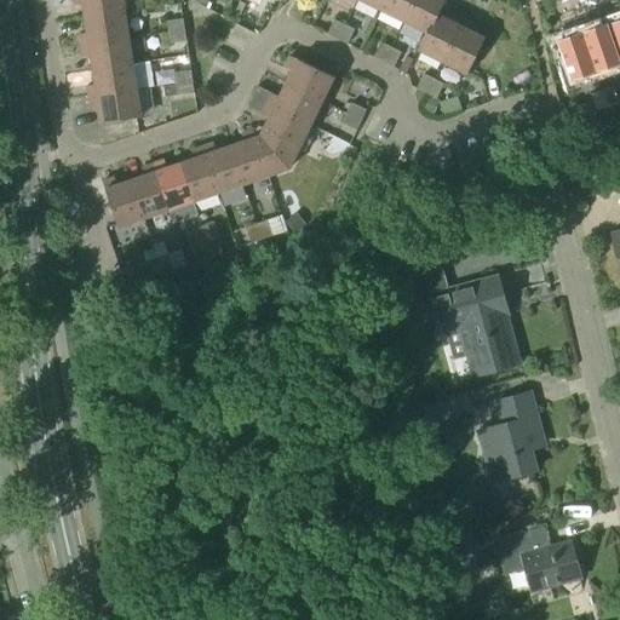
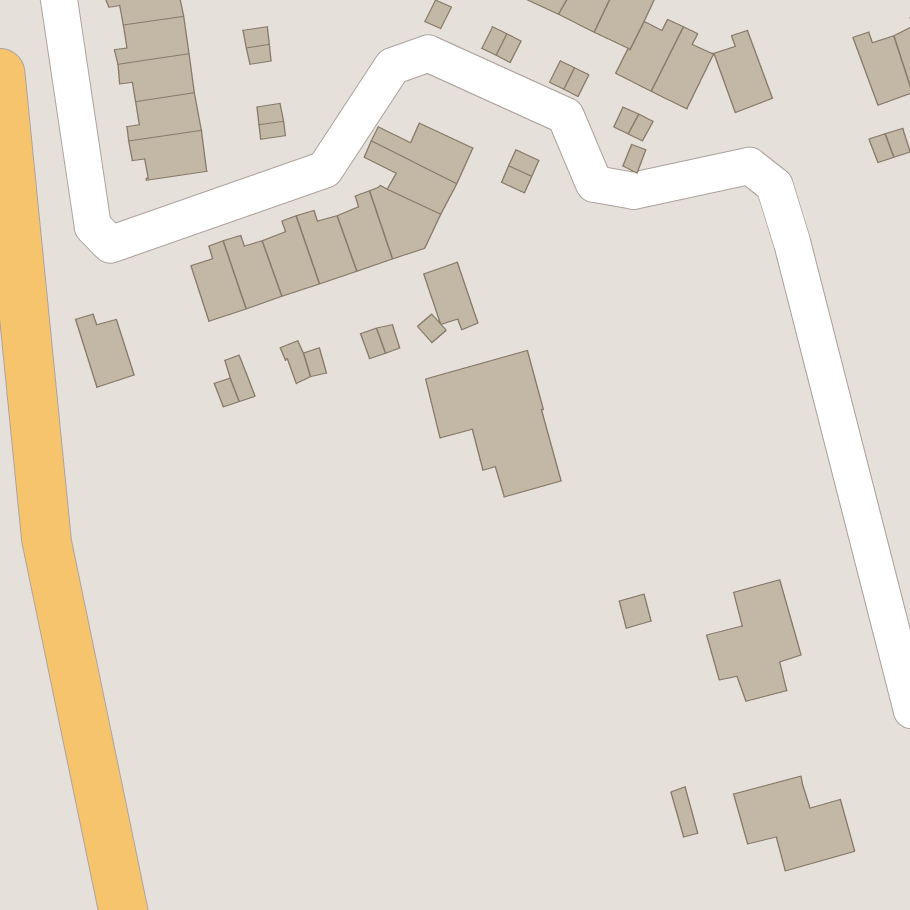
building: [557,25,597,81] -> [714,30,773,112]
building: [285,56,334,101] -> none
building: [103,177,143,226] -> [75,314,134,387]
building: none -> [424,262,478,330]
building: [429,275,521,374] -> [426,351,561,497]

